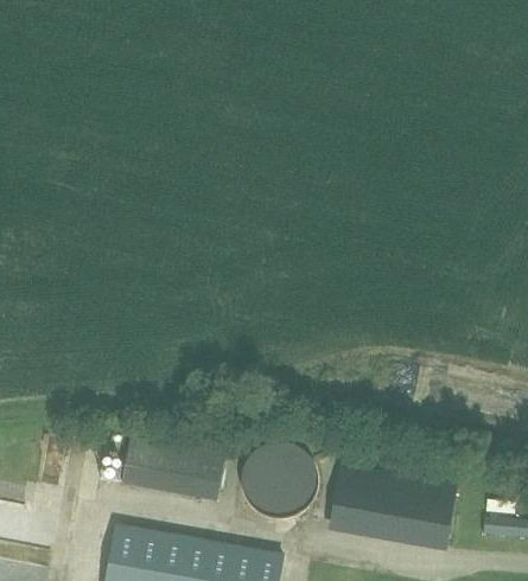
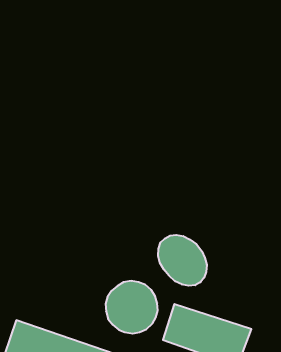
building: none -> [158,235,207,286]
building: [122,436,225,502] -> none

